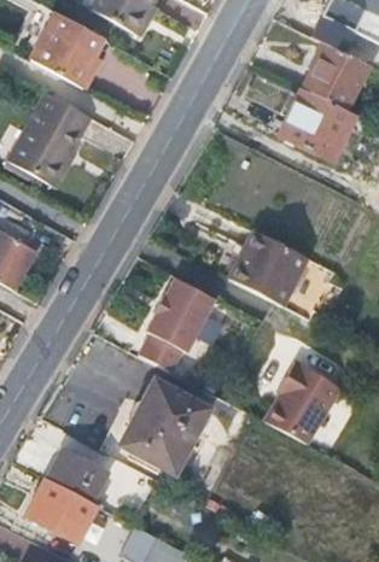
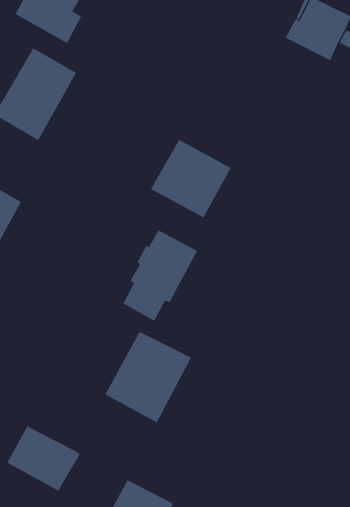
building: [280,83,356,157] -> none
building: [228,226,310,305] -> [150,139,231,218]
building: [266,358,338,440] -> none
building: [46,441,110,499] -> none

